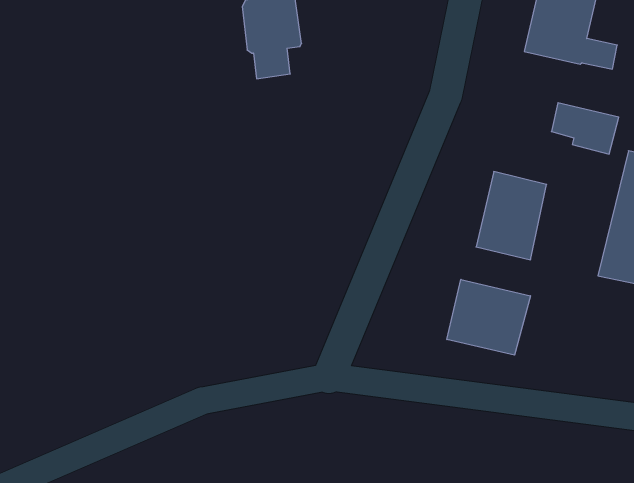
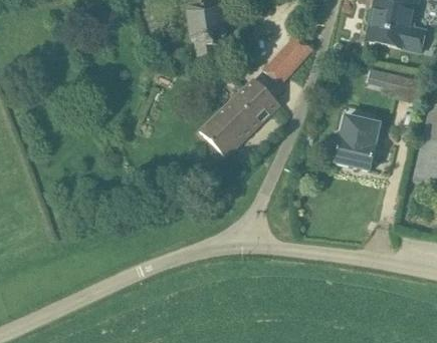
building: none -> [263,33,313,84]
building: none -> [200,77,280,156]
building: [447,279,530,355] -> none

